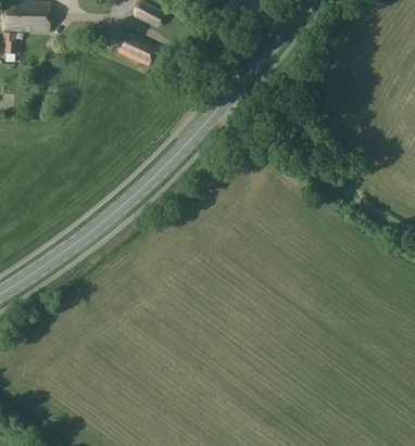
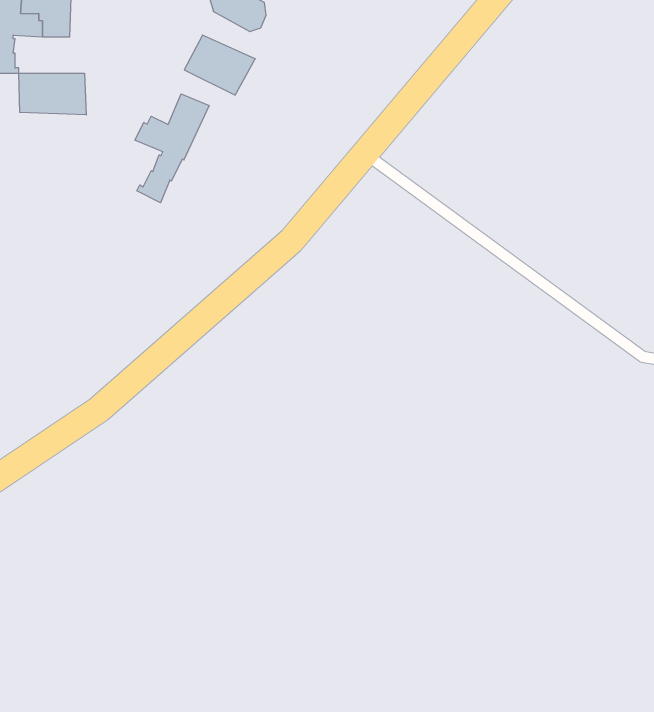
building: none -> [19,73,86,115]
building: none -> [135,94,209,203]

